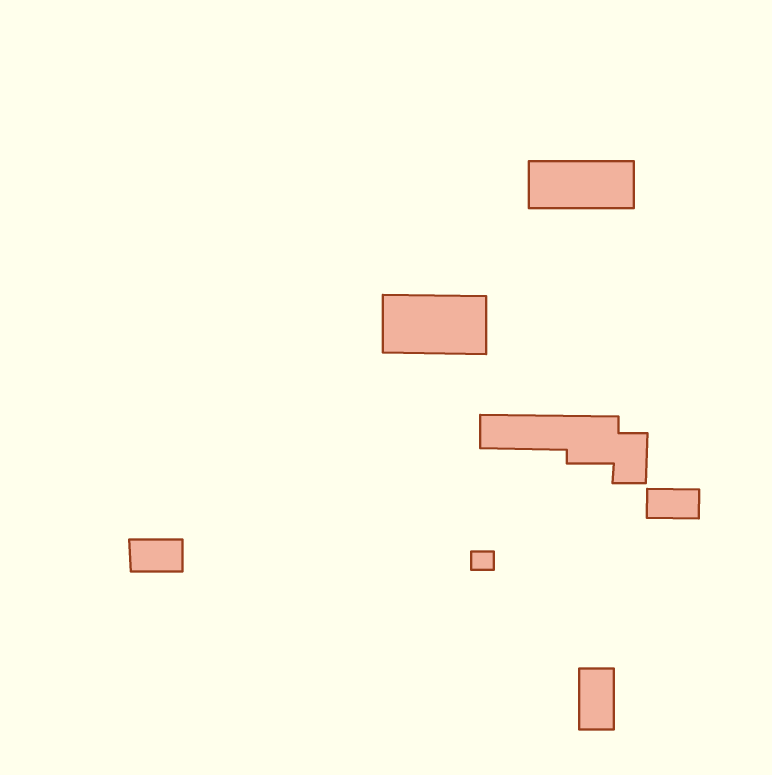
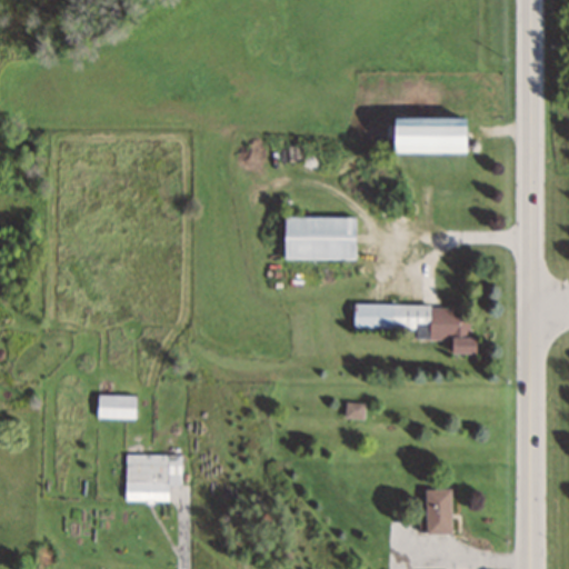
building: [647,489,699,518] -> none
building: none -> [127,455,183,501]

